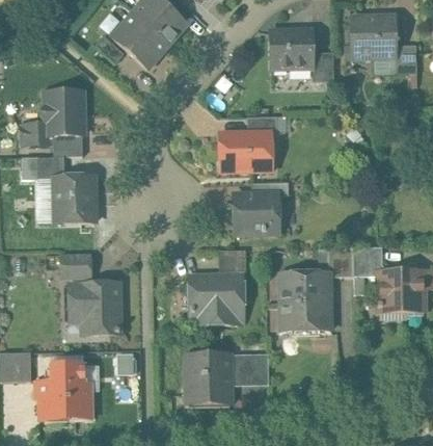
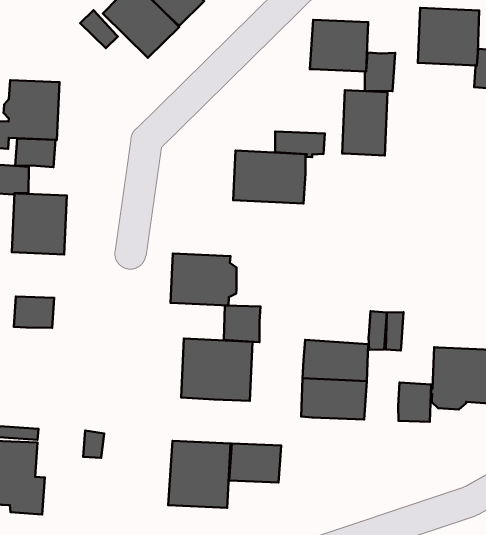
building: none -> [342,90,387,156]
building: [234,194,283,233] -> [171,254,237,306]
building: [353,246,378,276] -> [398,382,431,422]
building: [70,283,119,333] -> none

